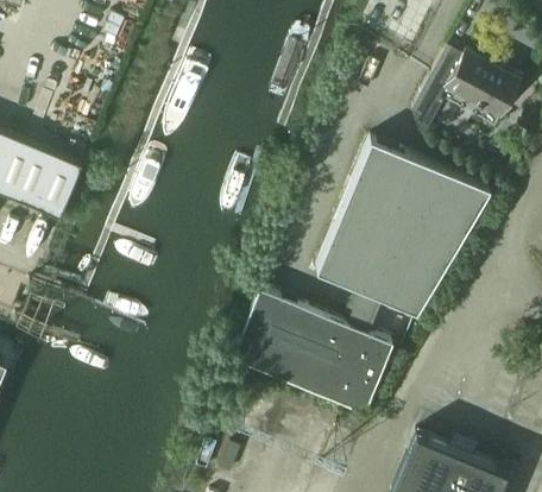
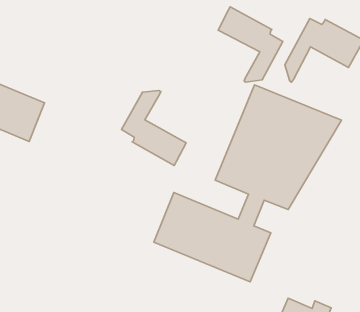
building: none -> [218,7,283,82]
building: none -> [121,90,186,166]

